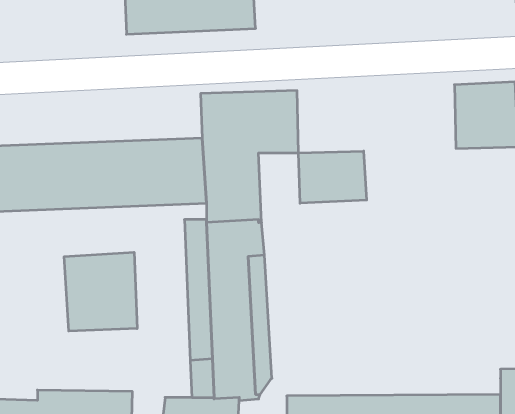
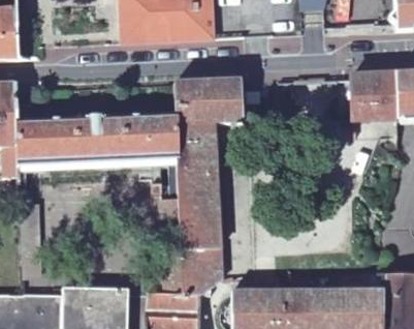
building: [299,151,367,203] -> none
building: [64,252,137,331] -> none

